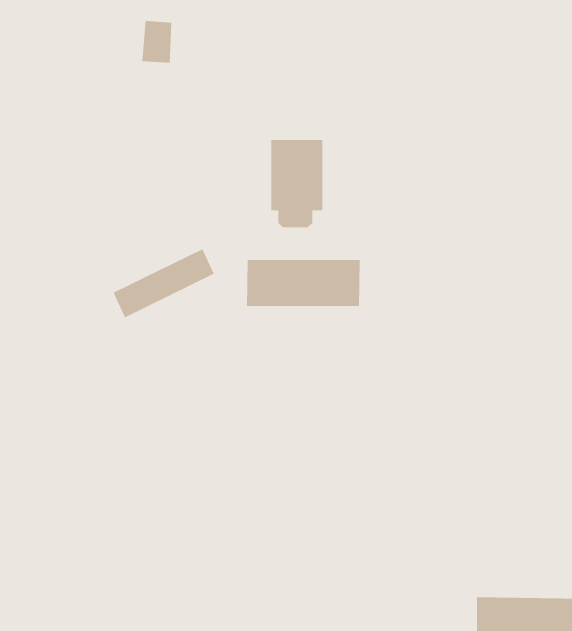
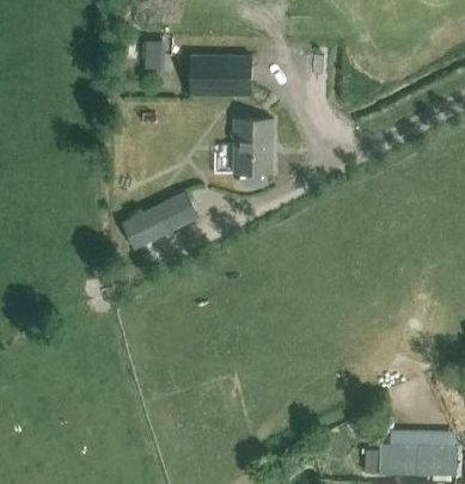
building: none -> [185,54,247,94]
building: [246,259,360,307] -> none

